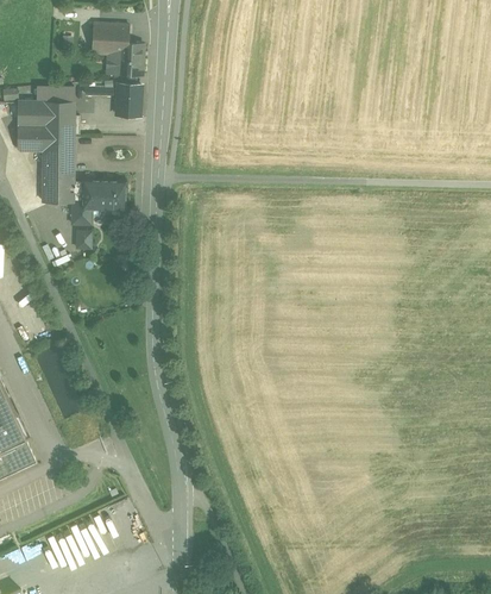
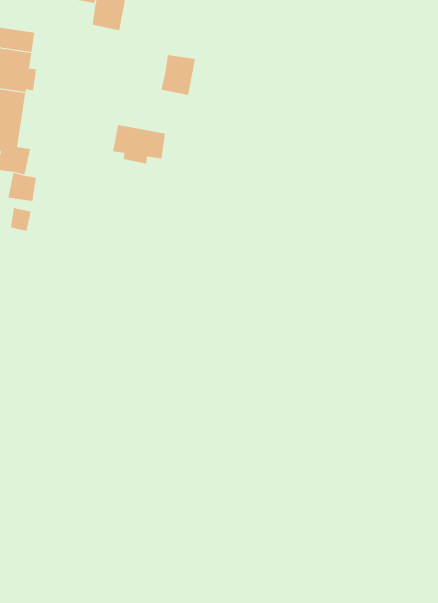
building: [114,87,139,118] -> [160,54,196,96]
building: [81,183,122,212] -> [112,125,166,164]

